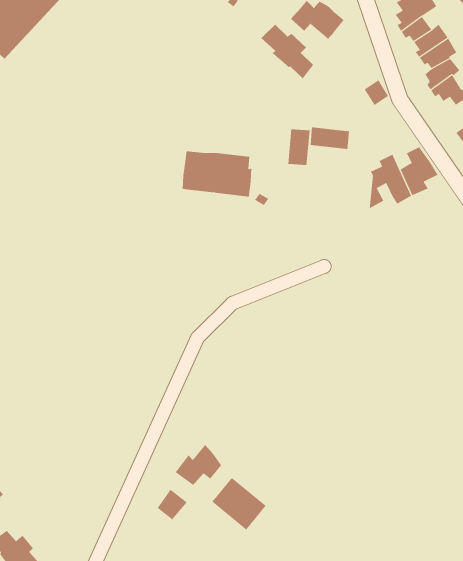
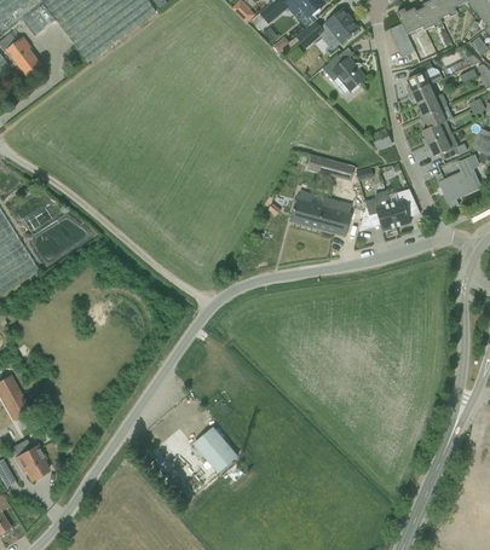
building: [260,24,314,79] -> none
building: [182,151,252,197] -> [292,190,351,236]
building: [175,444,222,486] -> none

